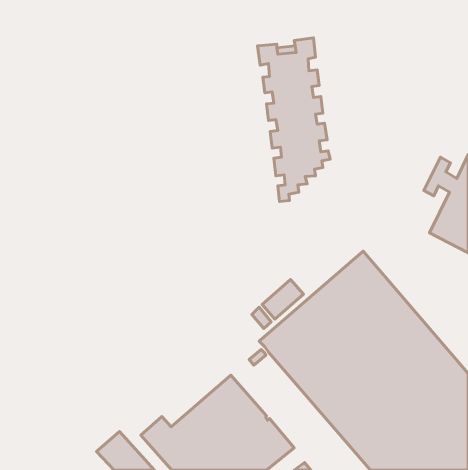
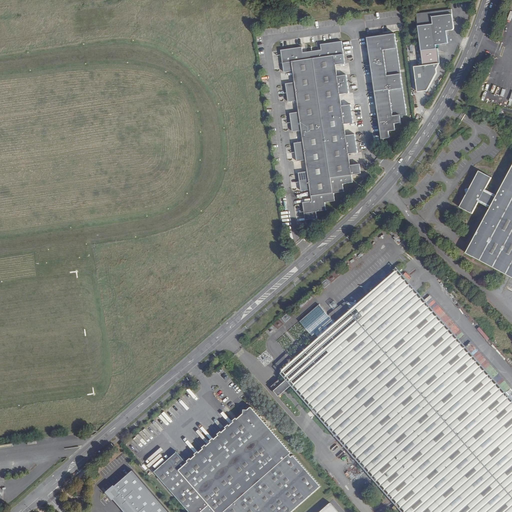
building: none -> [413,10,452,93]
building: none -> [367,34,405,138]

